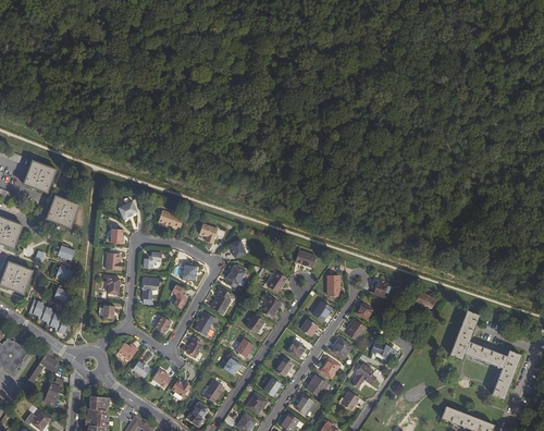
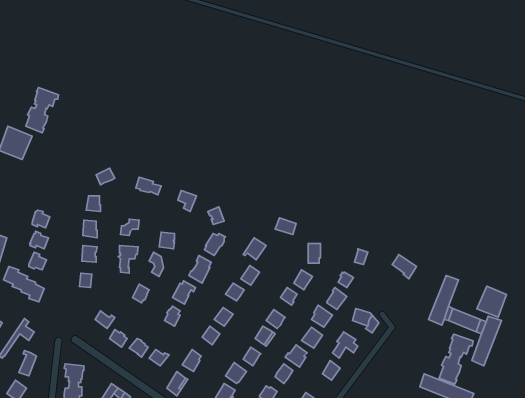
building: none -> [26,87,59,133]
building: [45,196,77,230] -> none
building: none -> [477,286,506,317]
building: none -> [439,334,473,384]

